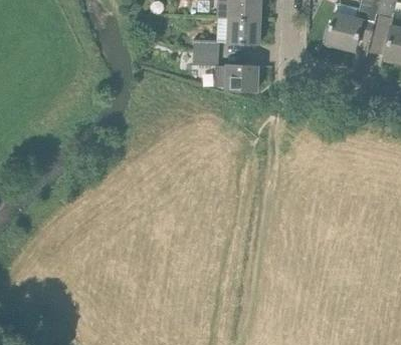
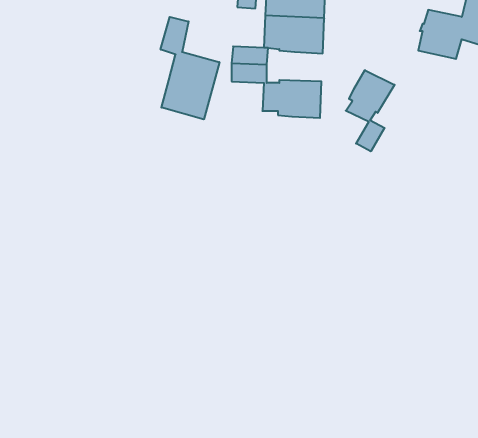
building: none -> [161,17,219,119]
building: none -> [346,70,395,151]

